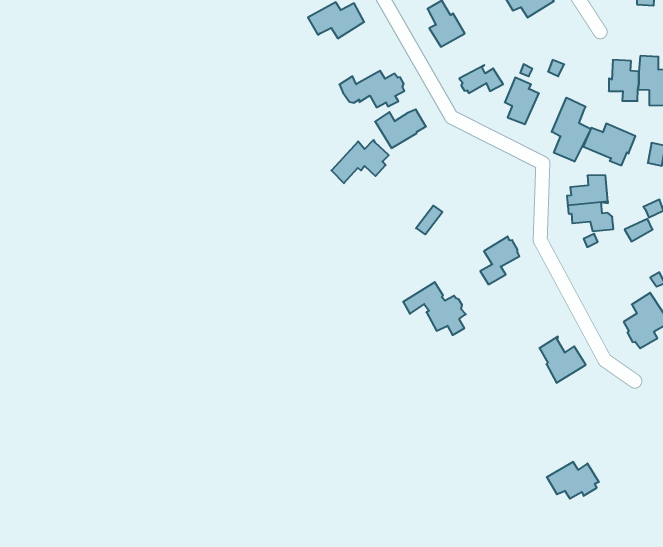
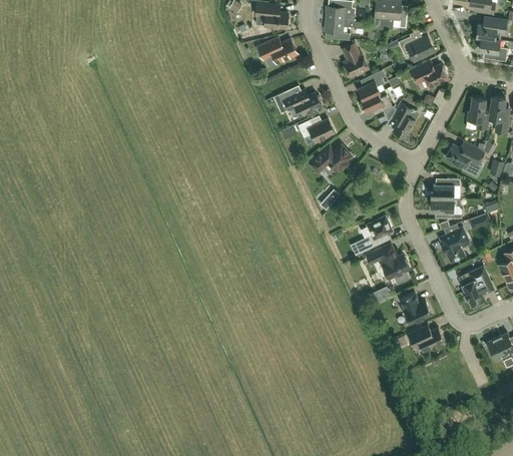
building: none -> [410,61,447,87]
building: none -> [358,69,385,100]
building: [552,98,591,162] -> none
building: [331,140,389,183] -> [309,144,351,173]
building: none -> [440,227,469,263]
building: [403,282,466,335] -> [366,244,410,283]
building: [547,462,599,499] -> [408,326,445,352]

